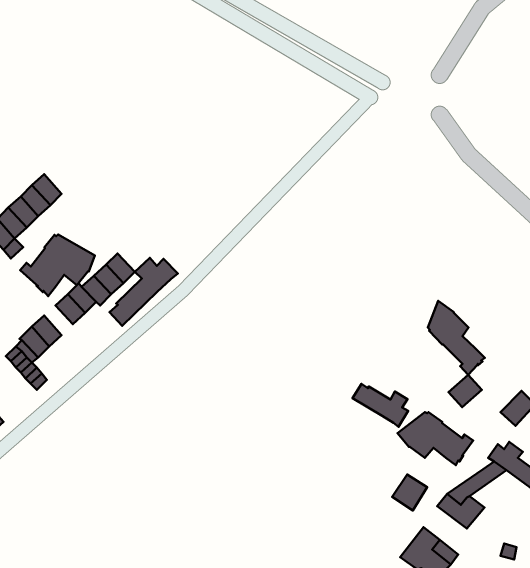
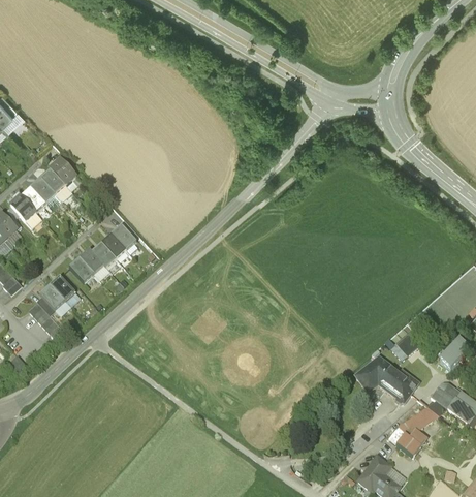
building: [20,235,95,296] -> none
building: [110,258,178,326] -> none
building: [428,301,485,375] -> none
building: [352,384,408,427] -> none
building: [392,475,427,510] -> none

